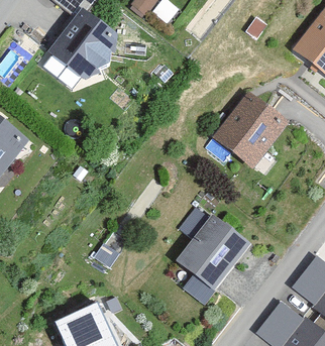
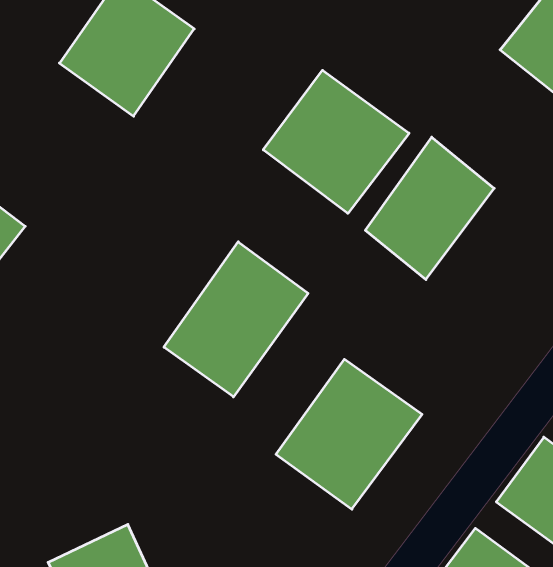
building: none -> [263,70,409,213]
building: none -> [164,242,308,397]

